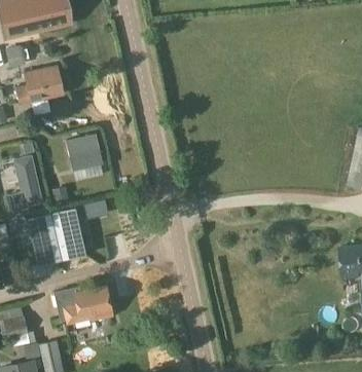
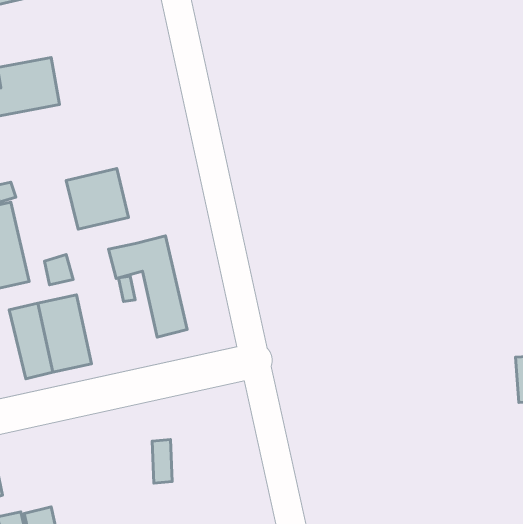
building: none -> [108,236,187,337]
building: [56,285,111,323] -> none

